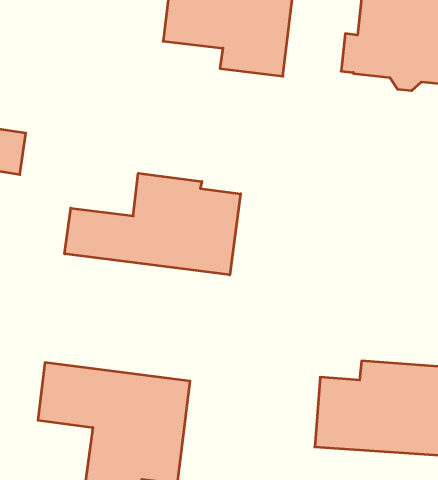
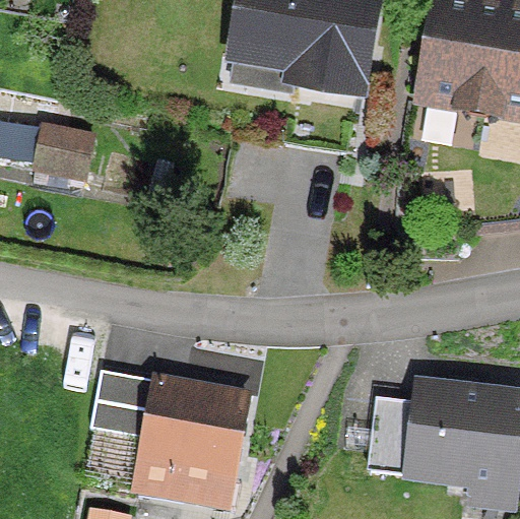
building: [65,173,241,275] -> none

